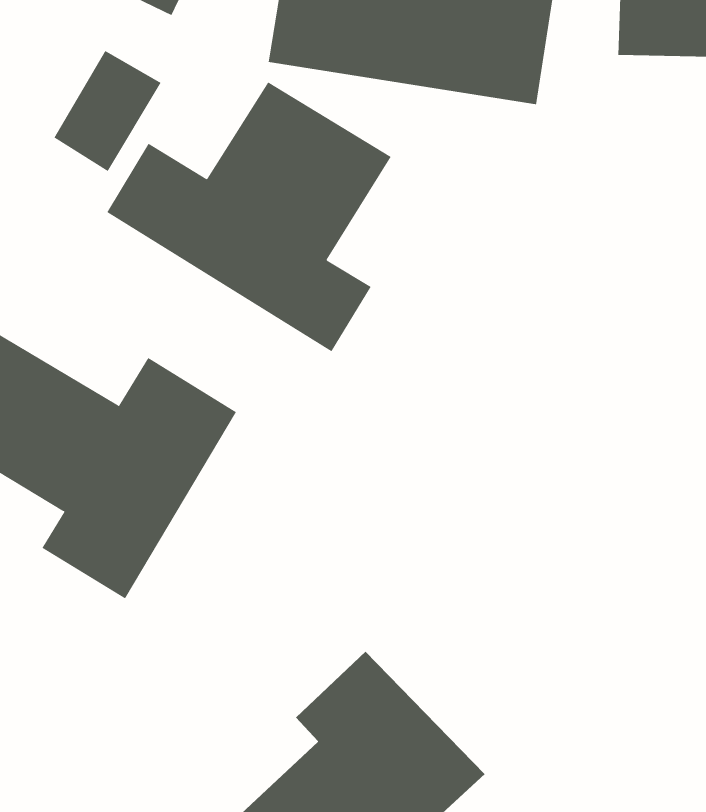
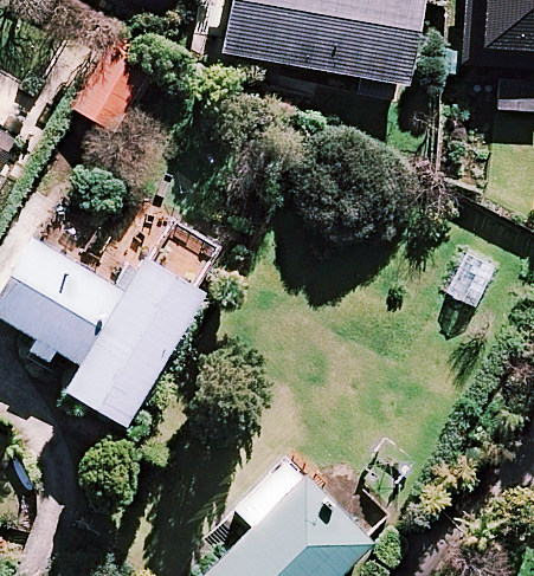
building: [106,81,391,352] -> none

